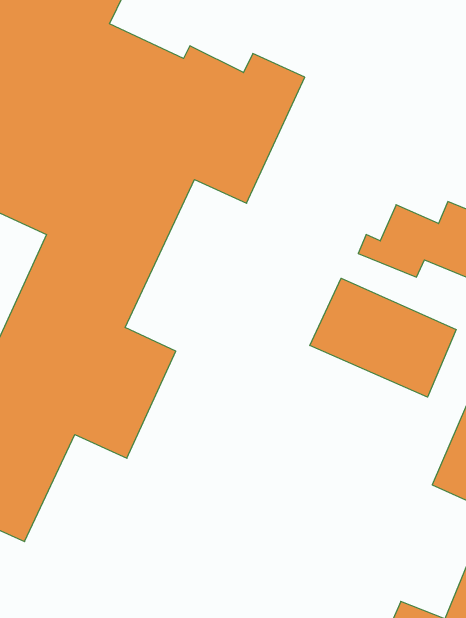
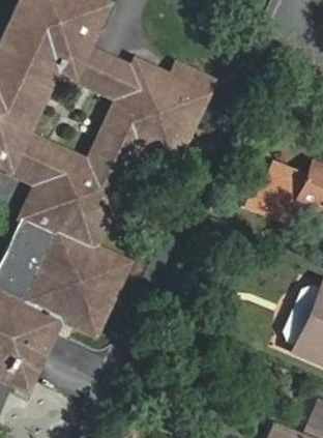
building: [310,278,456,397] -> none

